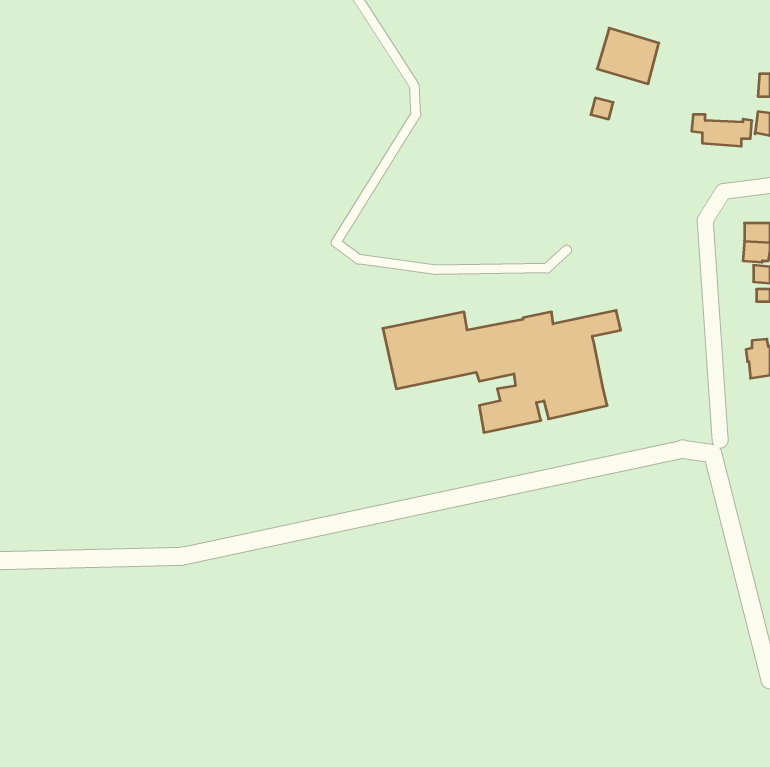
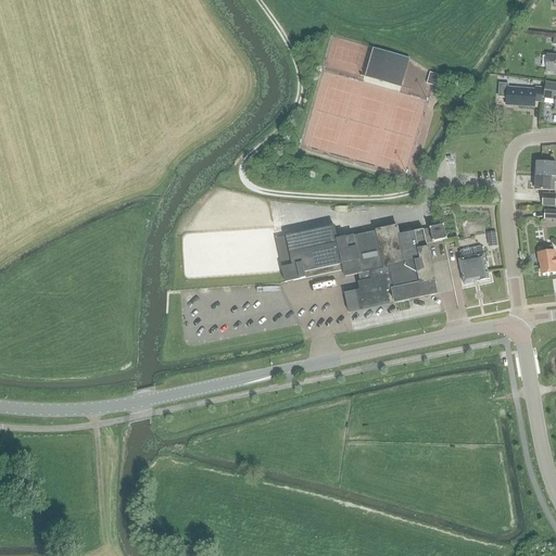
building: [597,28,659,84] -> [365,46,409,86]
building: none -> [458,244,490,283]

